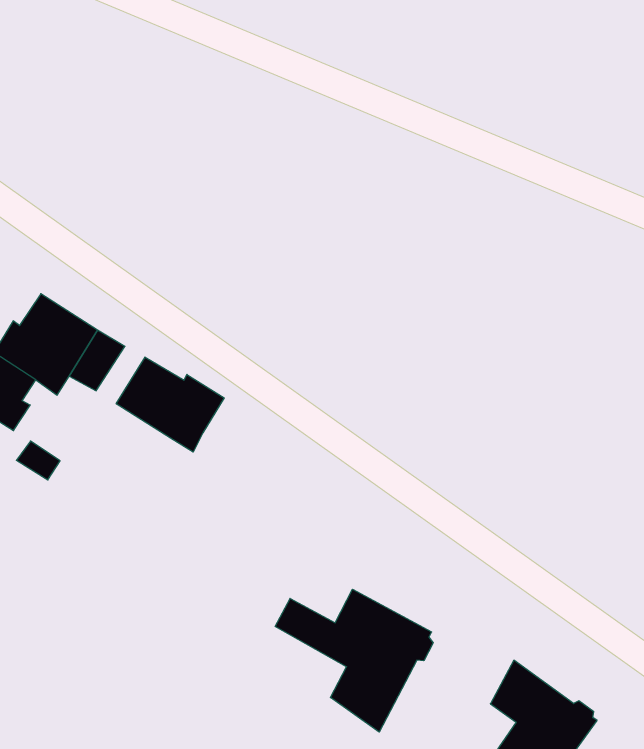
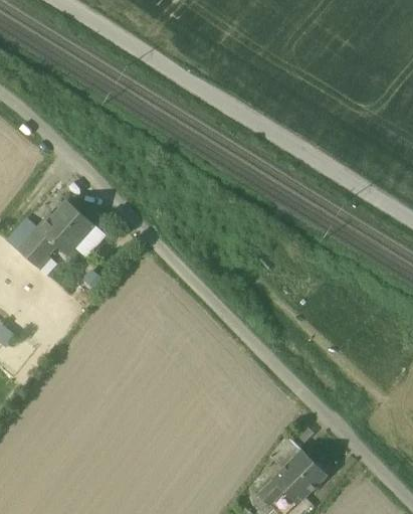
building: [116,357,224,452] -> none
building: [275,589,433,732] -> none

